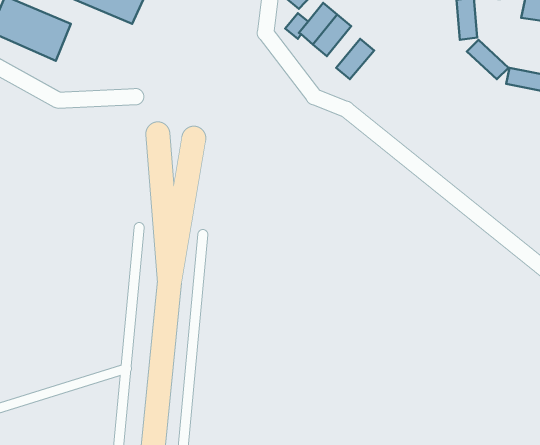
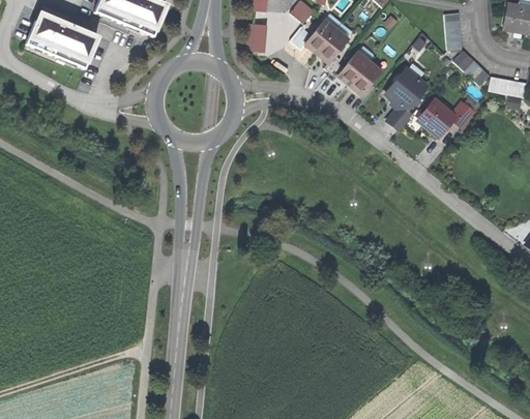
building: none -> [246,23,267,52]
building: none -> [349,60,383,96]
building: none -> [383,65,431,132]
building: none -> [415,96,476,140]

